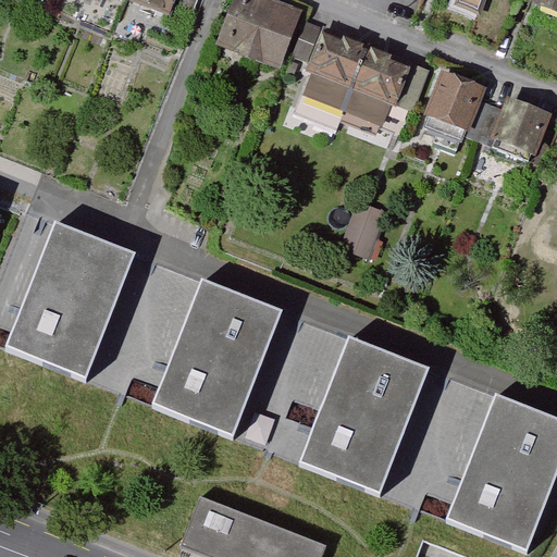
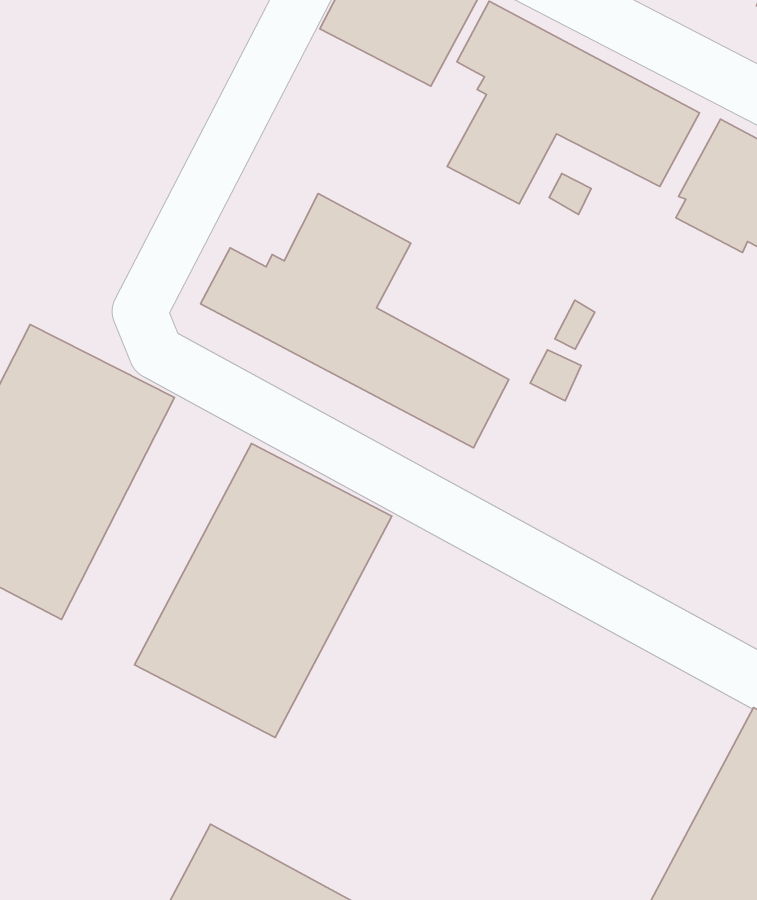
building: none -> [201,193,509,448]
building: [297,336,431,498] -> none

